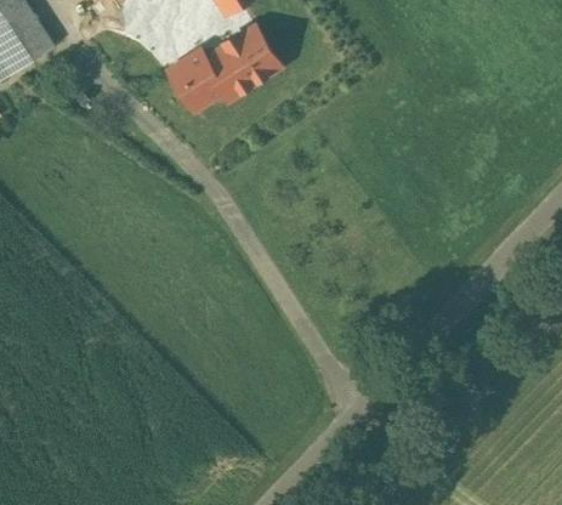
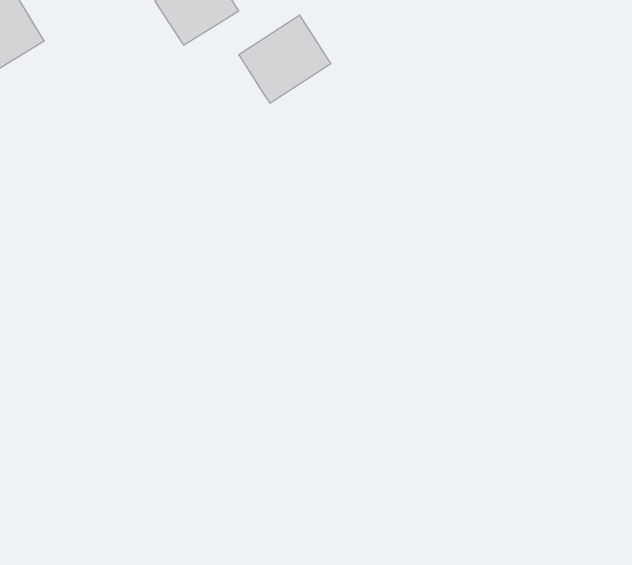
building: [170,56,228,118] -> none

